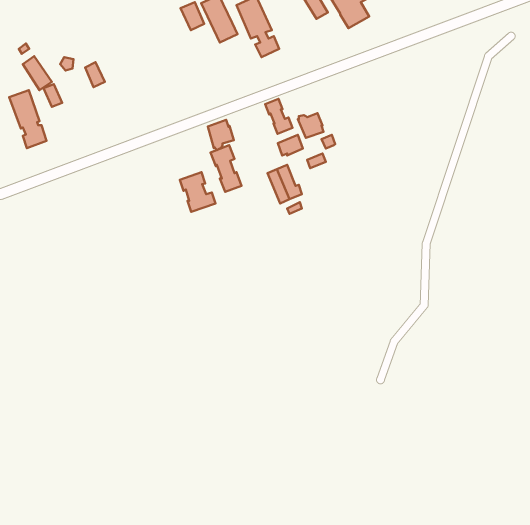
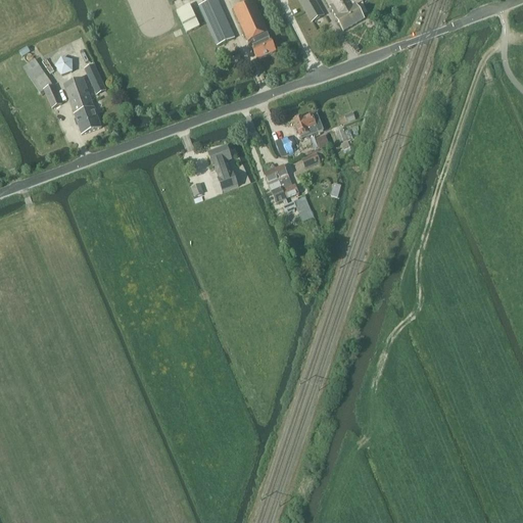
building: [9,90,47,148] -> [63,75,100,132]
building: [265,99,292,134] -> none
building: [208,120,234,150] -> none
building: [180,172,216,212] -> none

